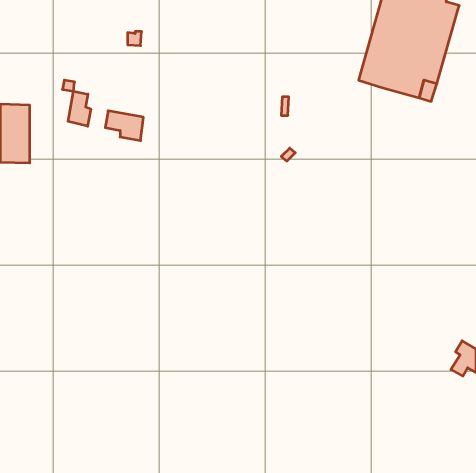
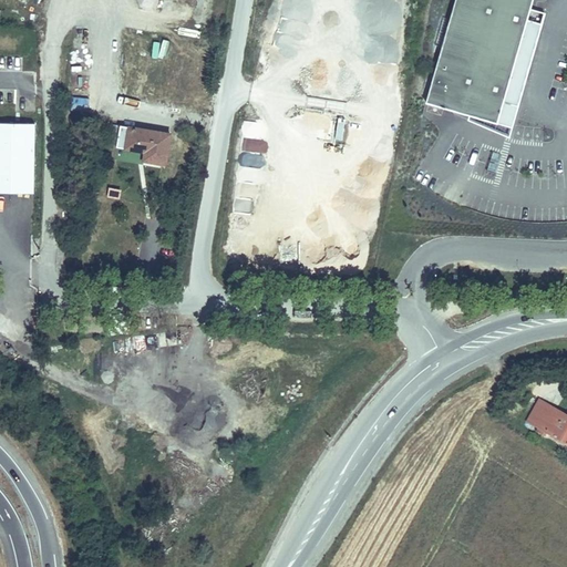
building: [68,91,91,126] -> none

